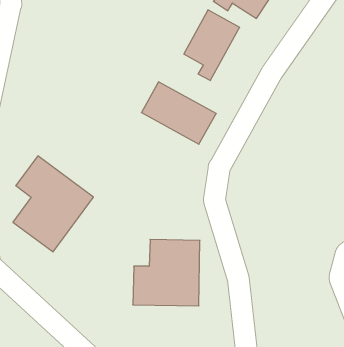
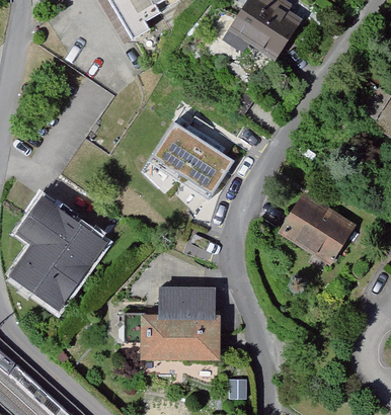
building: [184,10,240,81] -> none
building: none -> [277,190,360,264]

